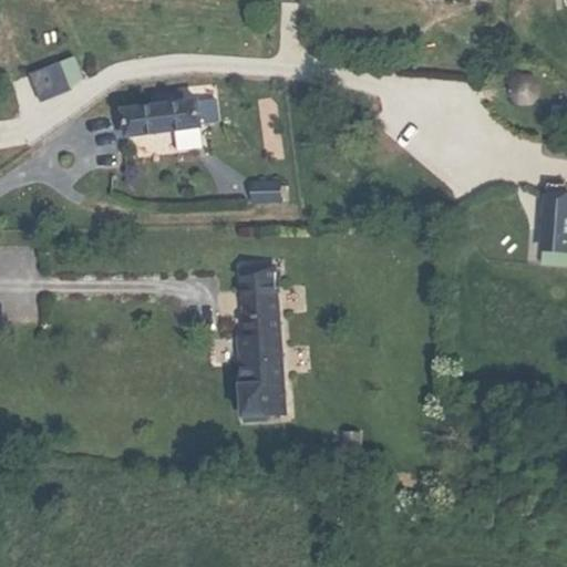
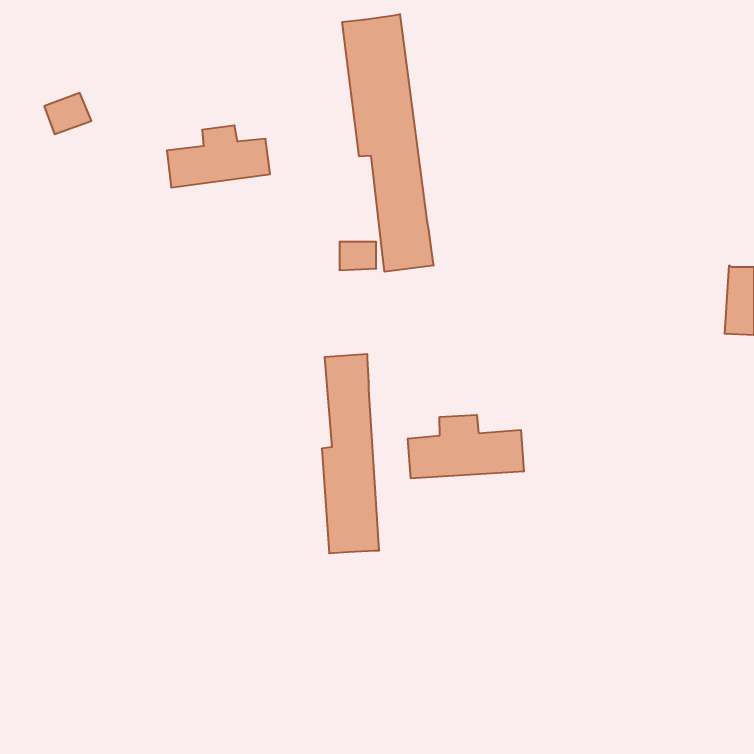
building: none -> [342,14,434,272]
building: none -> [408,415,524,478]

